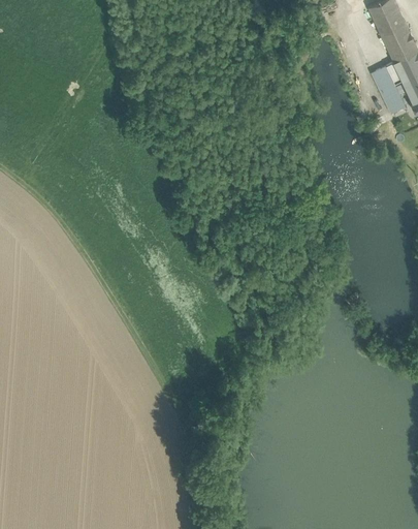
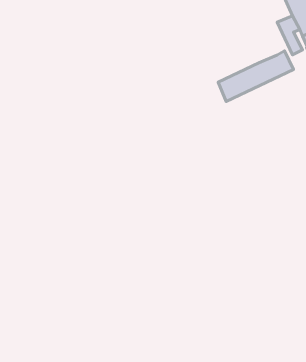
building: none -> [218,51,293,101]

